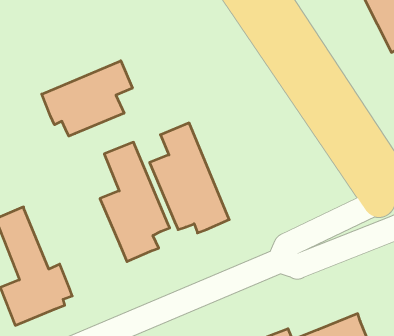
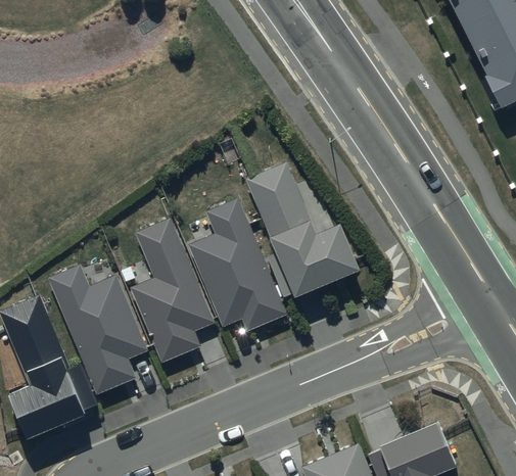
building: [42,61,132,136] -> none
building: none -> [245,161,359,296]
building: none -> [47,260,147,392]

